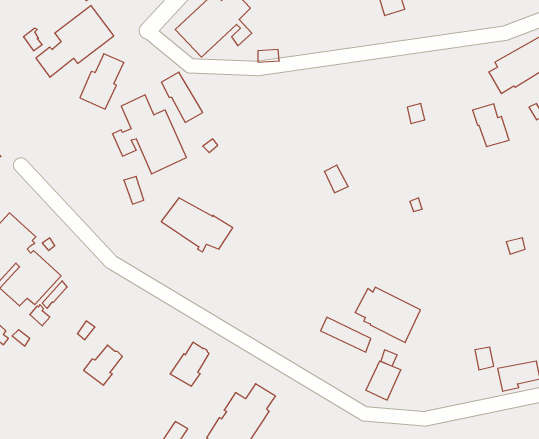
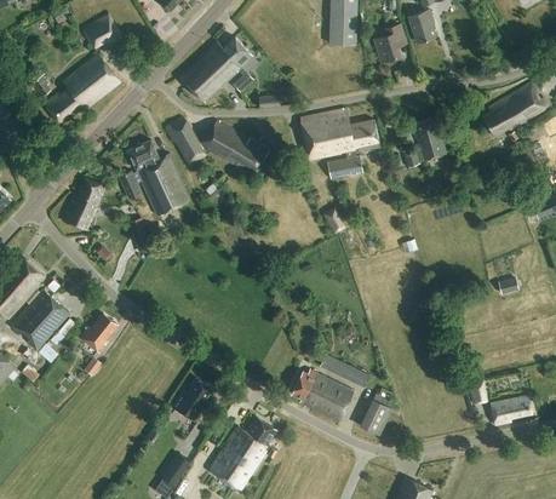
building: [80,54,124,109] -> [62,178,104,231]
building: none -> [300,109,380,179]
building: [473,104,509,147] -> [411,119,446,160]
building: [161,198,233,252] -> [200,121,269,173]
building: [355,287,420,343] -> [291,369,354,423]
building: [84,345,122,385] -> [80,314,117,352]

